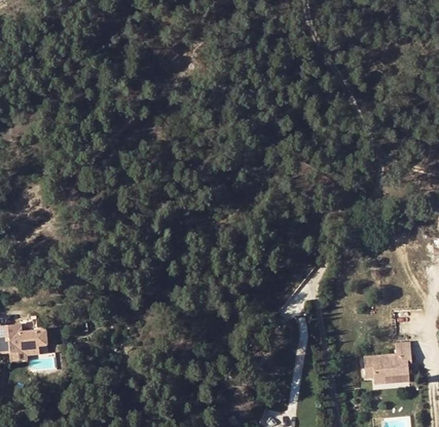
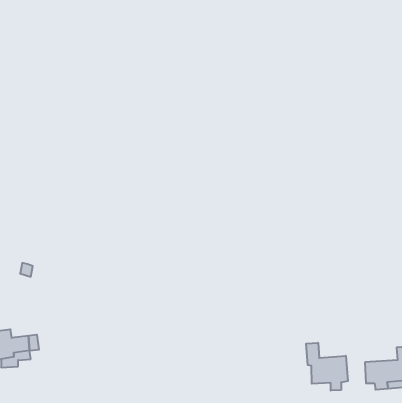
building: none -> [306,343,348,391]

